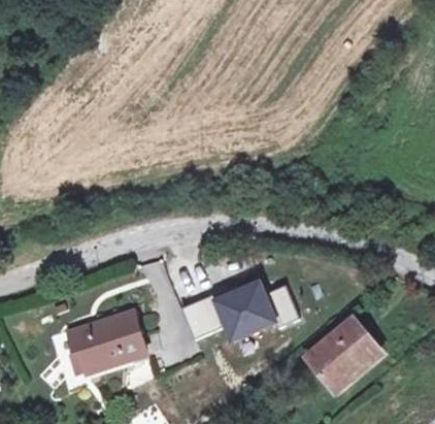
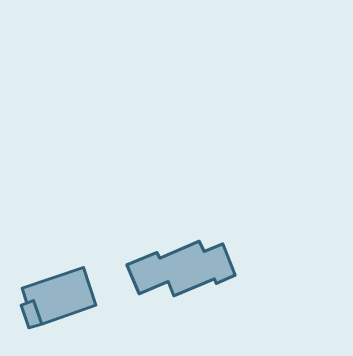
building: [299,322,375,396] -> none

